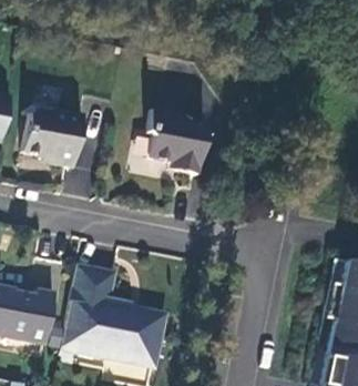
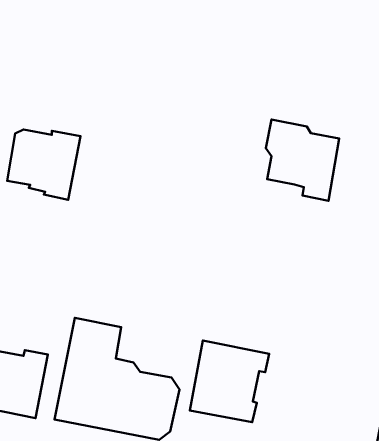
building: [147,109,207,175] -> [266,120,339,201]
building: none -> [190,341,269,422]

